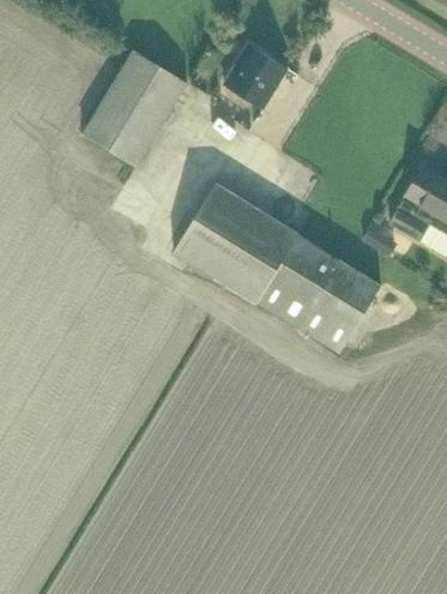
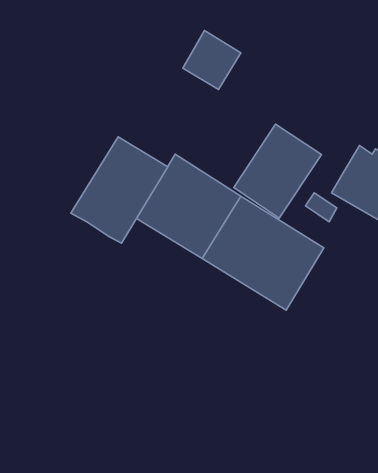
building: [80,48,188,167] -> [71,137,168,243]
building: none -> [234,124,322,218]

